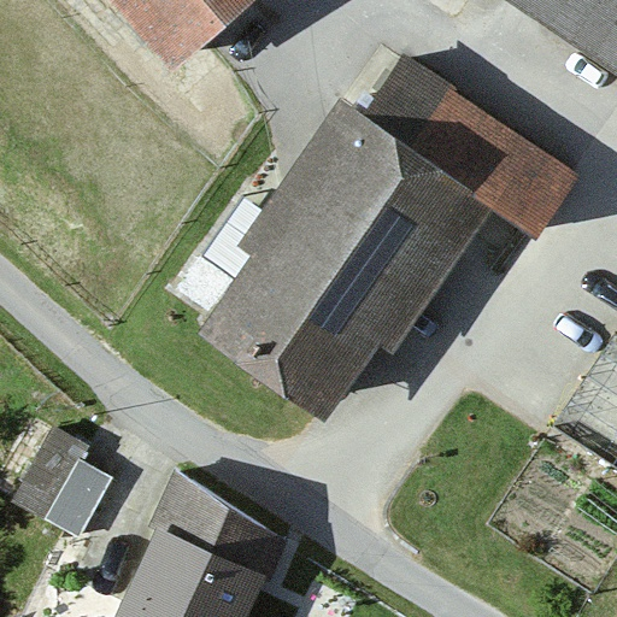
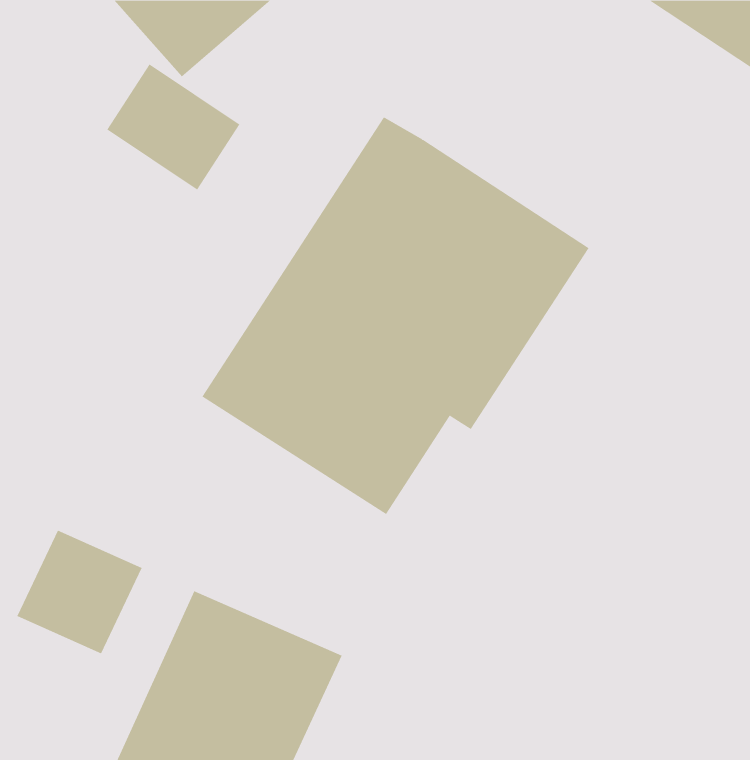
building: [355,55,580,240] -> none
building: none -> [107,63,240,190]

